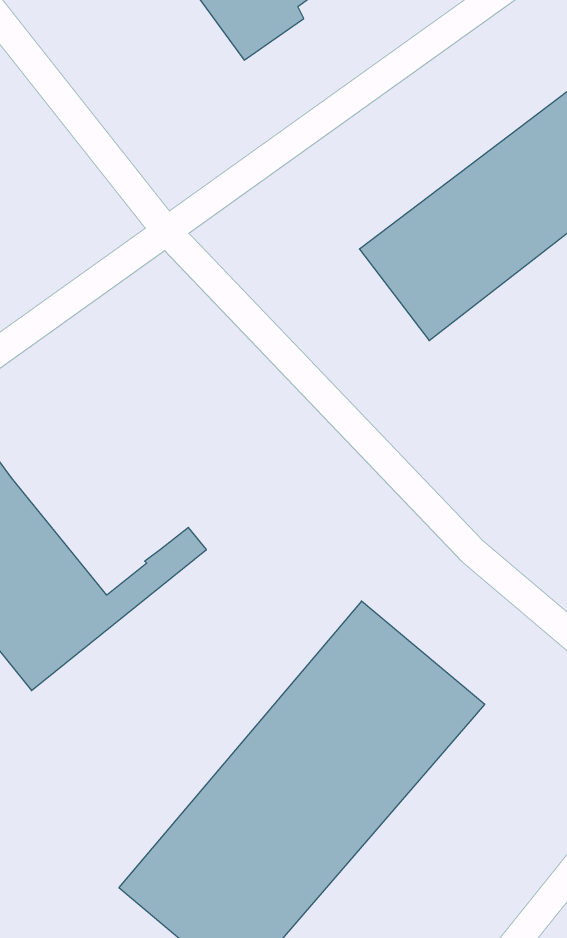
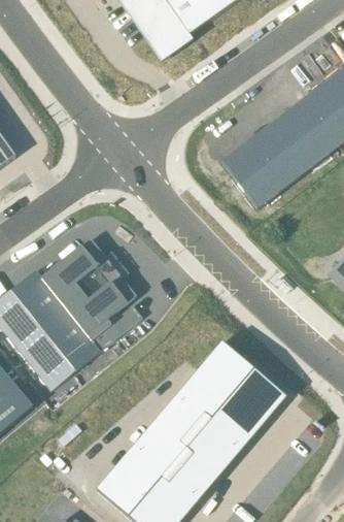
building: none -> [41,237,136,338]

